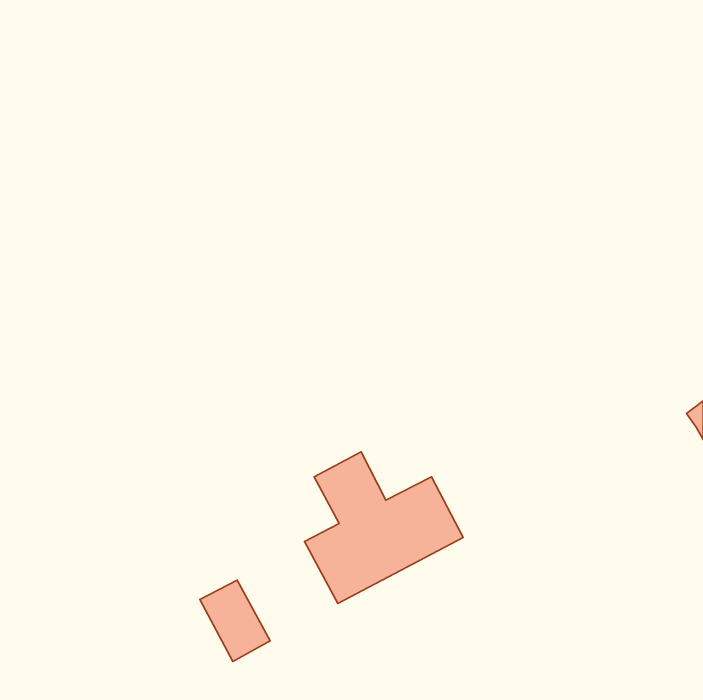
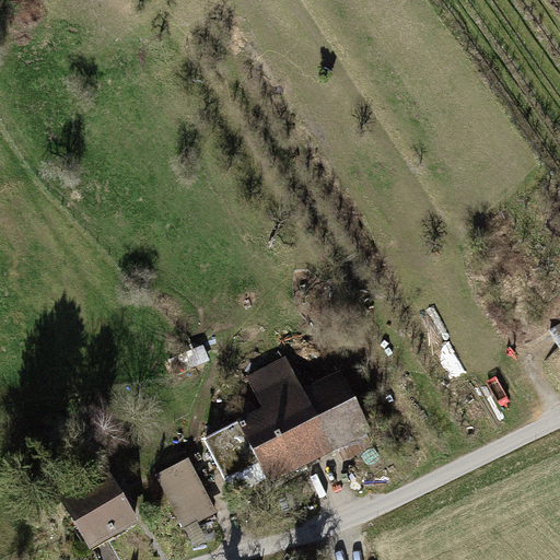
building: none -> [207,423,268,495]
building: none -> [63,475,135,545]

